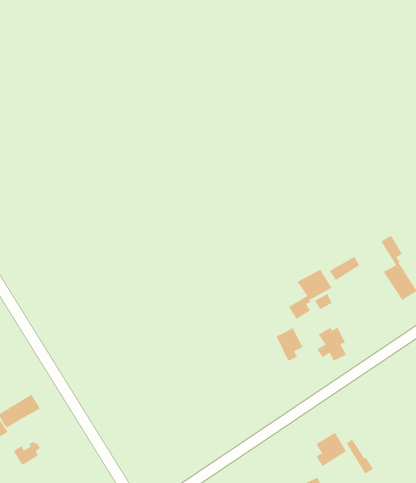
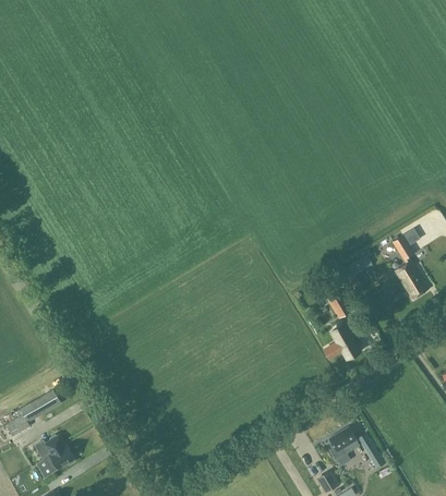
building: [288,269,332,320] -> none
building: [276,327,303,361] -> none
building: none -> [46,441,75,471]

